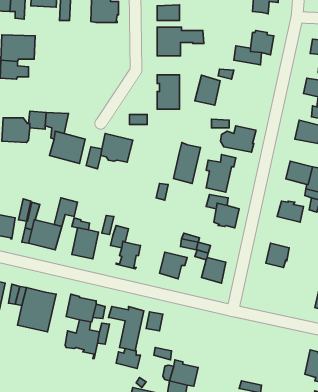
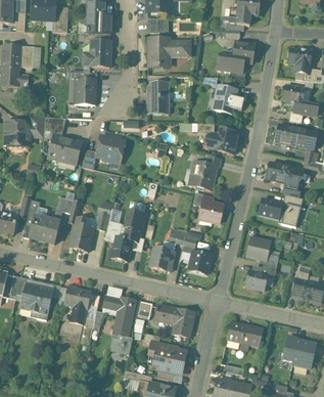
building: none -> [82,34,110,67]
building: none -> [75,78,96,104]
building: [195,75,220,105] -> [213,85,236,113]
building: [173,142,200,184] -> none
building: none -> [125,210,144,240]
building: none -> [244,253,279,291]
building: none -> [153,304,194,338]
building: none -> [226,321,263,347]

